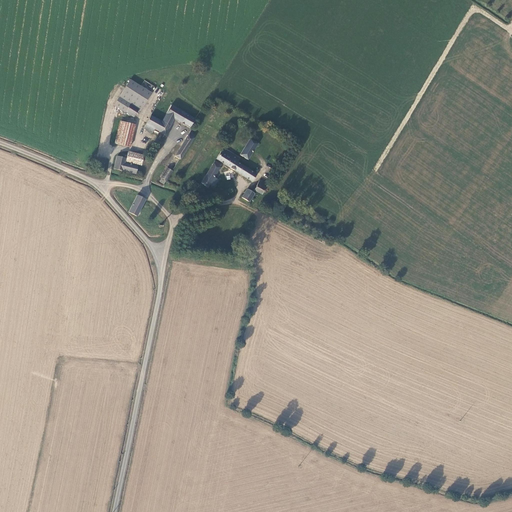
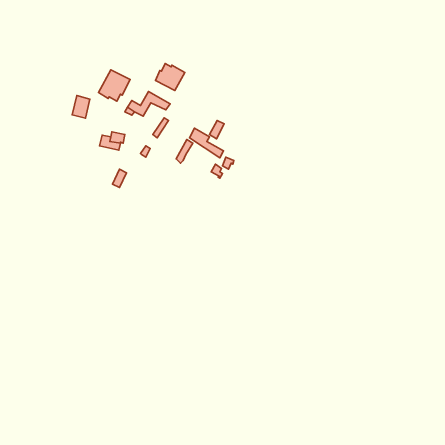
building: none -> [156,64,185,90]
building: [116,120,136,146] -> [72,96,90,118]

